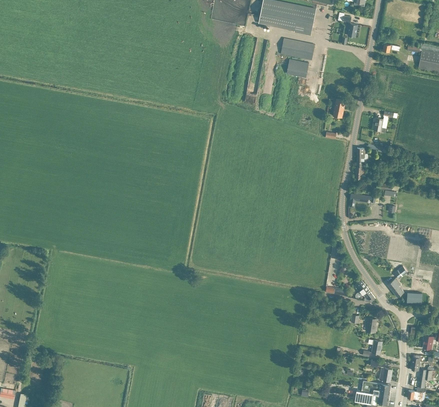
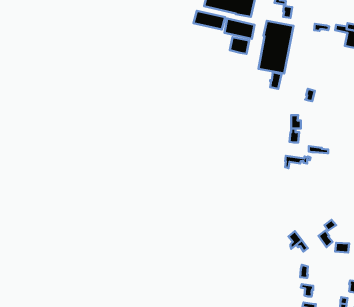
building: none -> [194,11,225,30]
building: none -> [258,21,294,74]

